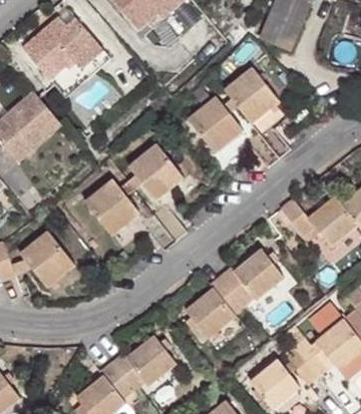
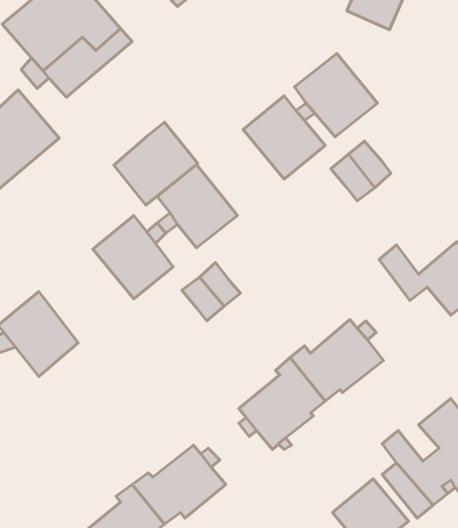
building: none -> [114,122,198,205]

